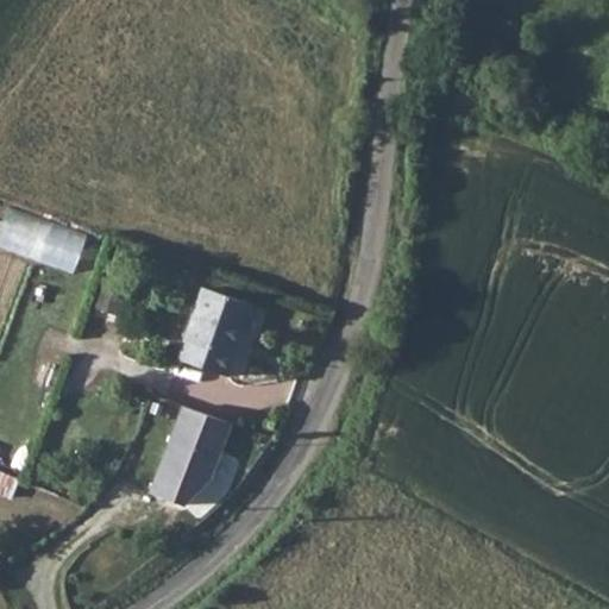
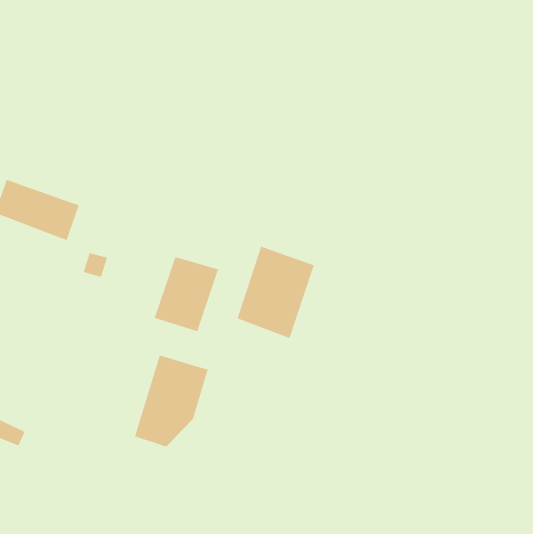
building: none -> [237,246,314,339]

